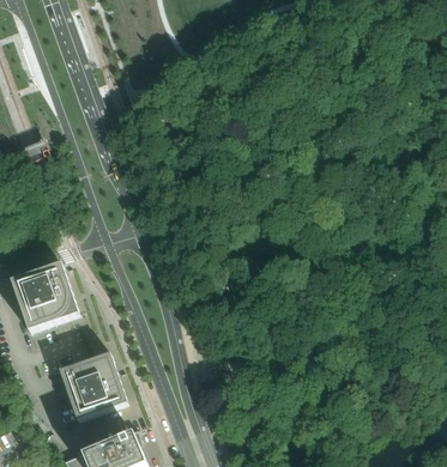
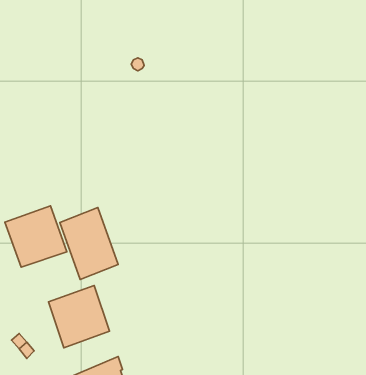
building: none -> [60,208,118,279]

